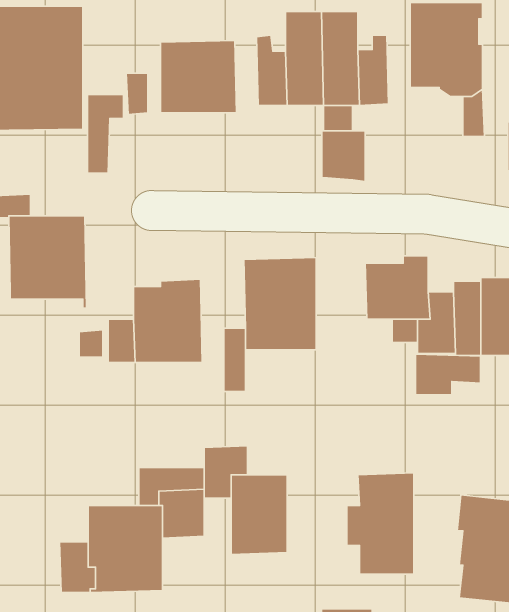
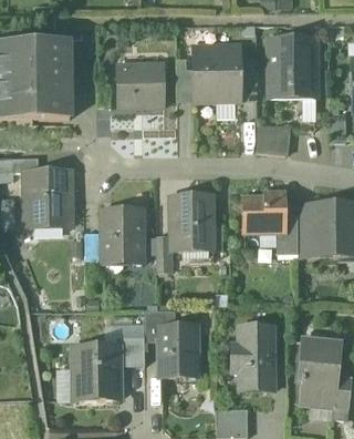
building: [87,95,123,173] -> none
building: [322,131,365,182] -> [258,125,284,156]
building: [415,354,480,395] -> none

